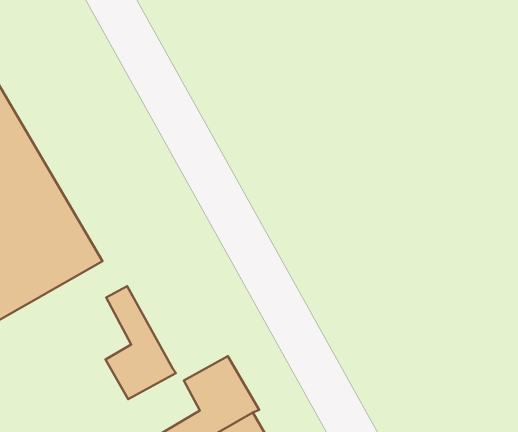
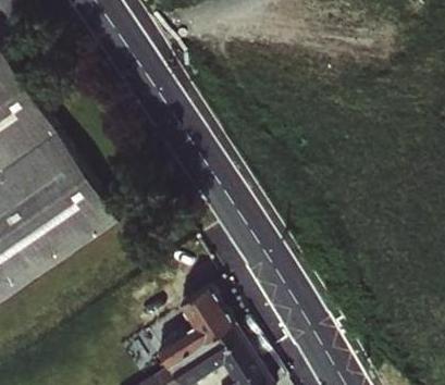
building: [105,286,176,399] -> none

